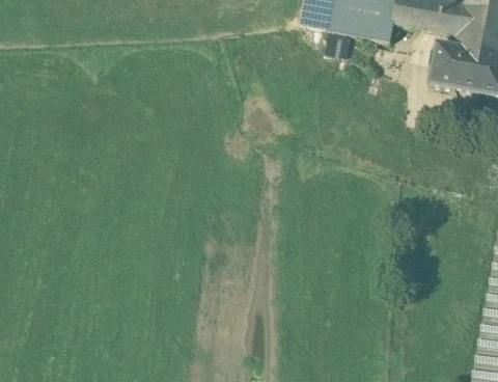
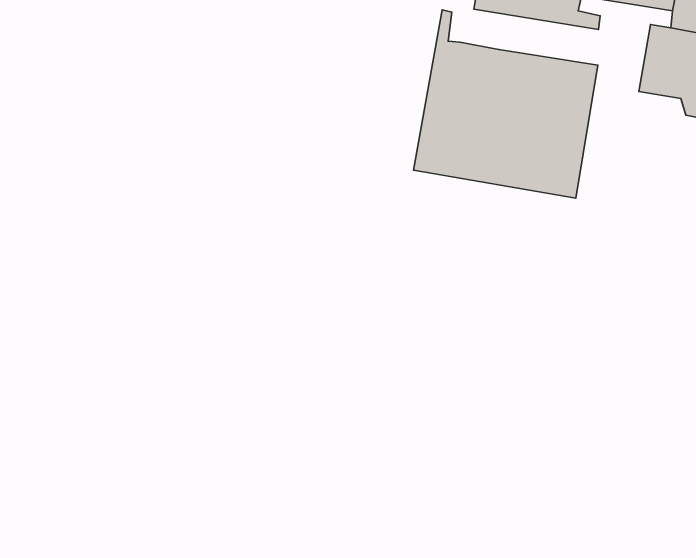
building: none -> [414,10,598,198]

